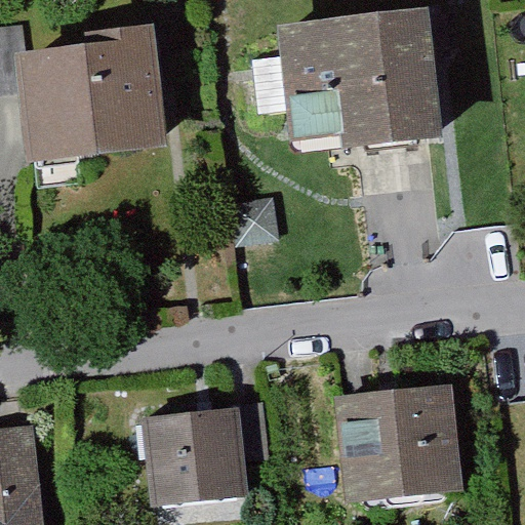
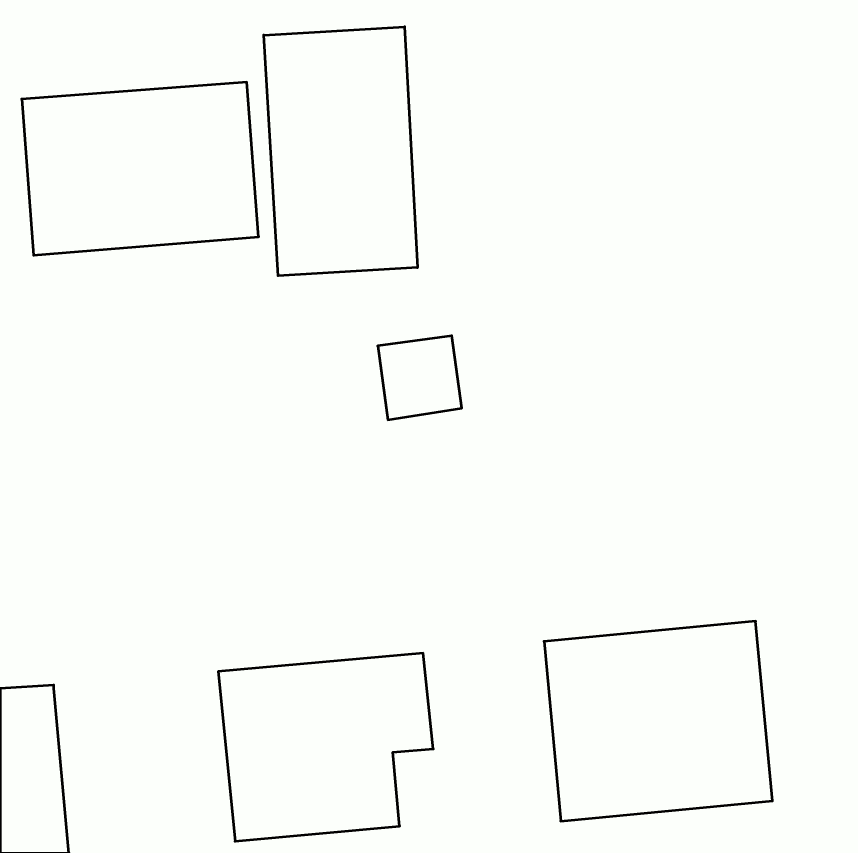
building: [278,11,442,147] -> none
building: none -> [264,27,417,276]

